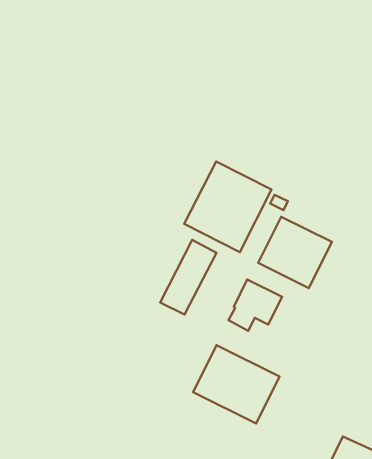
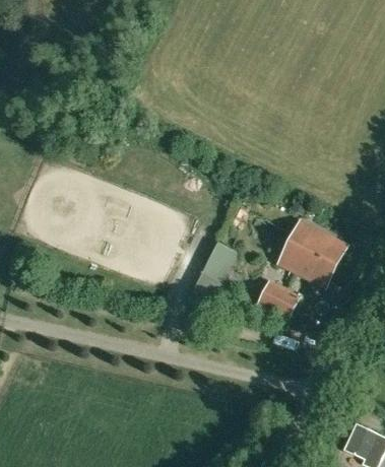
building: [184,161,272,252] -> none
building: [193,345,279,423] -> none

